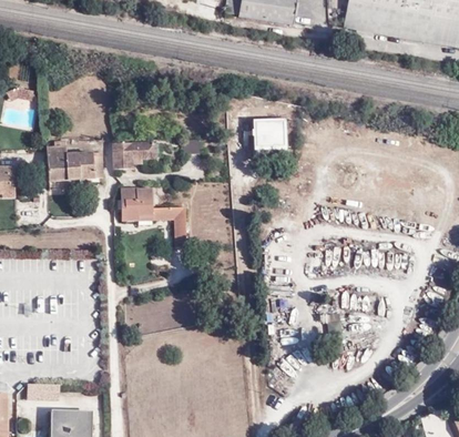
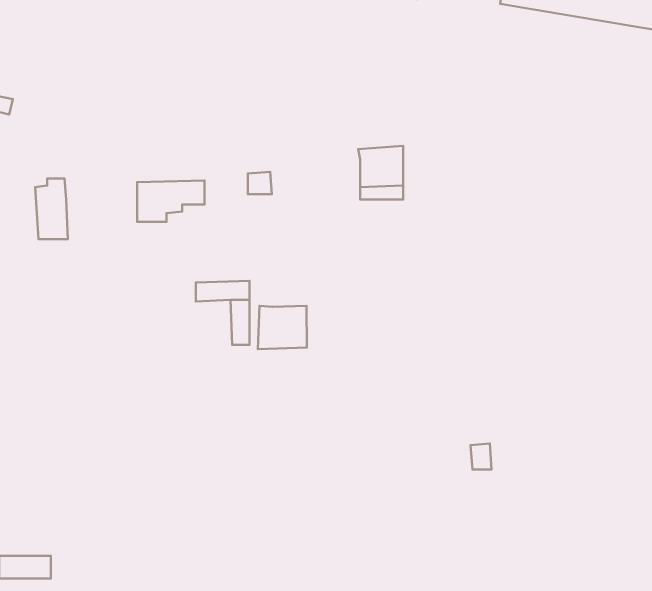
building: [68,152,103,180] -> none
building: [122,189,151,221] -> none
building: none -> [258,306,307,349]

